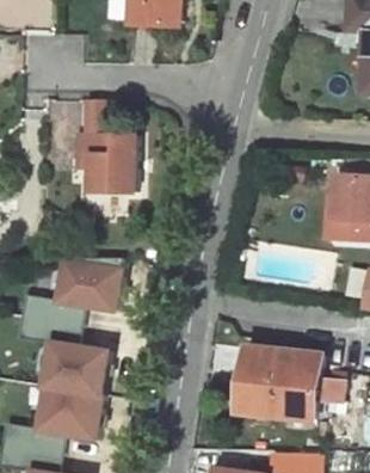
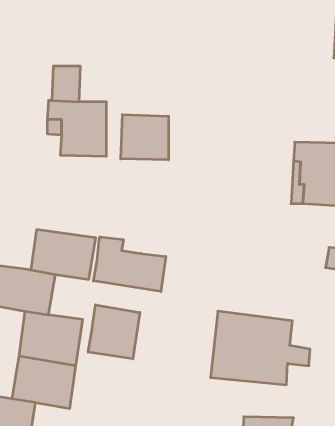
building: none -> [121,115,169,160]
building: none -> [93,237,166,292]
building: none -> [88,305,140,359]

